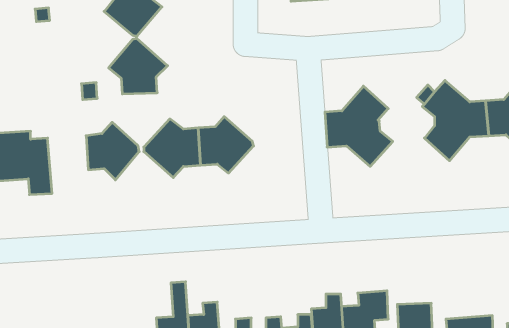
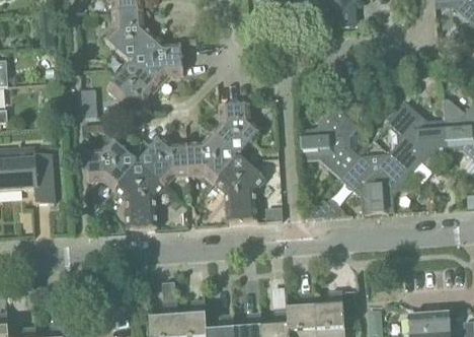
building: none -> [132,36,182,88]
building: none -> [210,106,260,156]
building: none -> [340,153,411,214]
building: none -> [214,160,264,222]
building: none -> [112,165,164,228]

